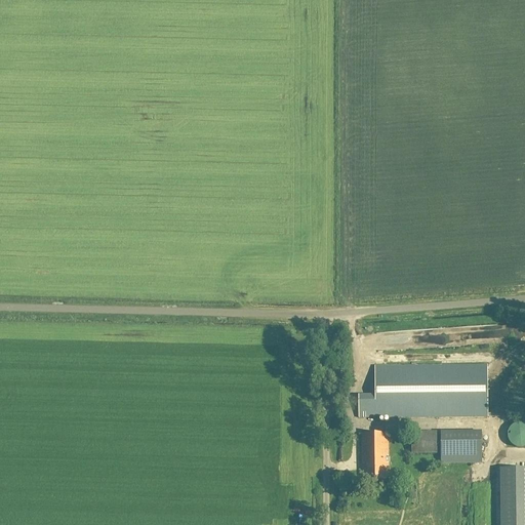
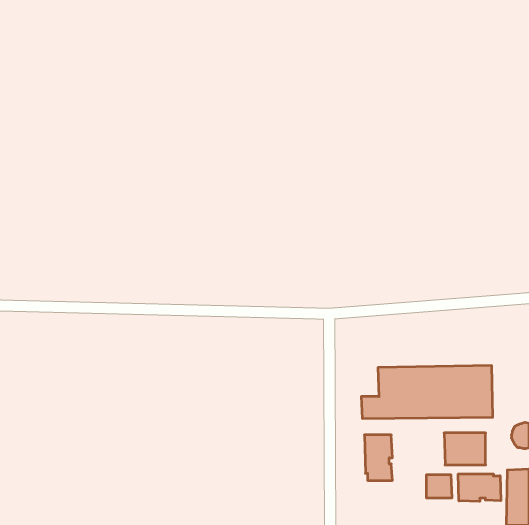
building: [411,429,437,451] -> [426,475,452,498]
building: none -> [458,474,501,501]

